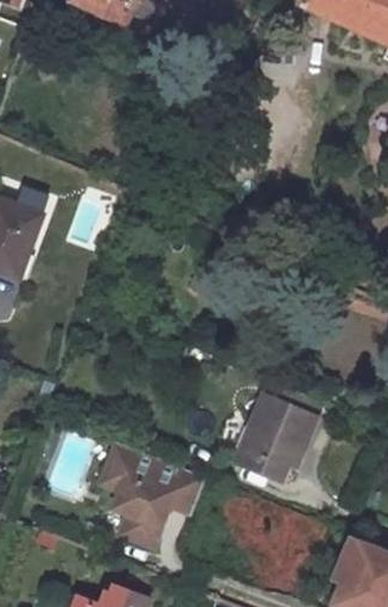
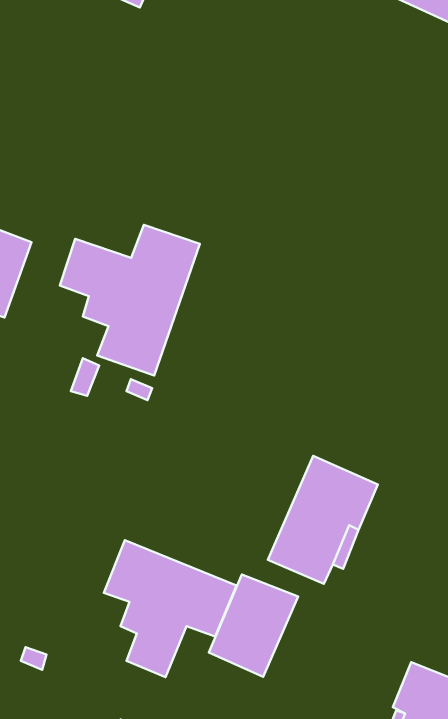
building: none -> [60,225,200,375]
building: none -> [209,575,298,677]

